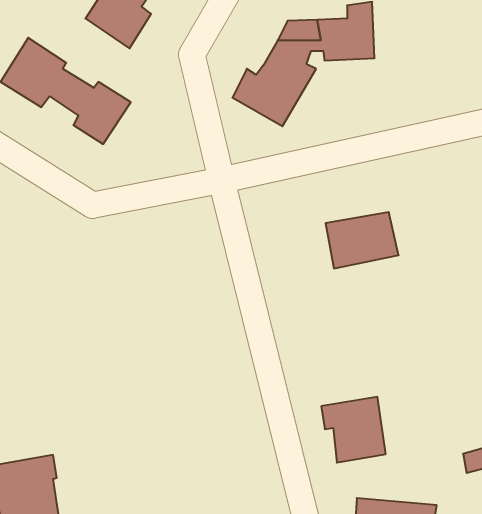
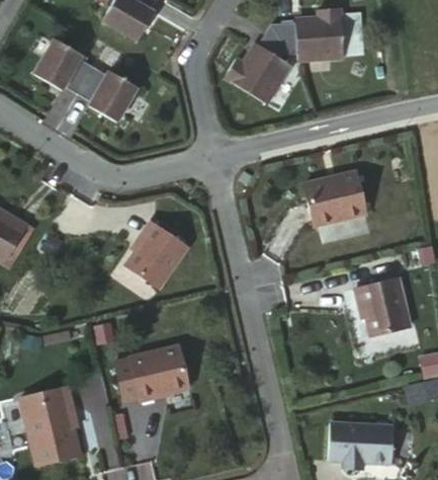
building: none -> [125,218,188,288]
building: [321,397,386,463] -> [352,279,407,335]
building: none -> [123,352,195,410]

